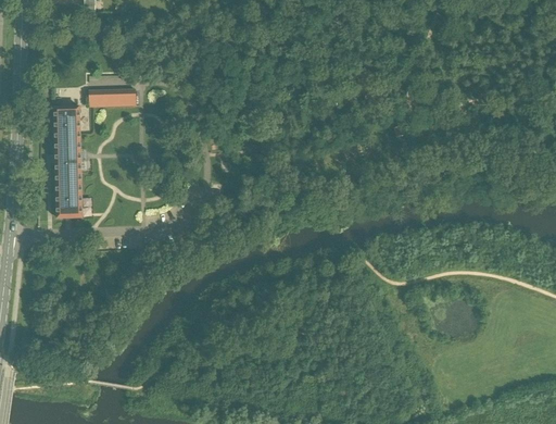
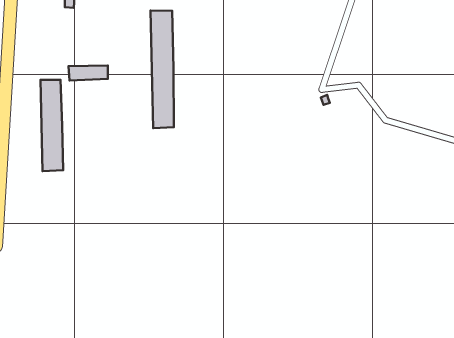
building: none -> [151,11,174,128]

